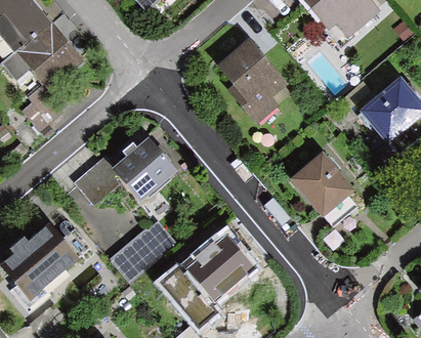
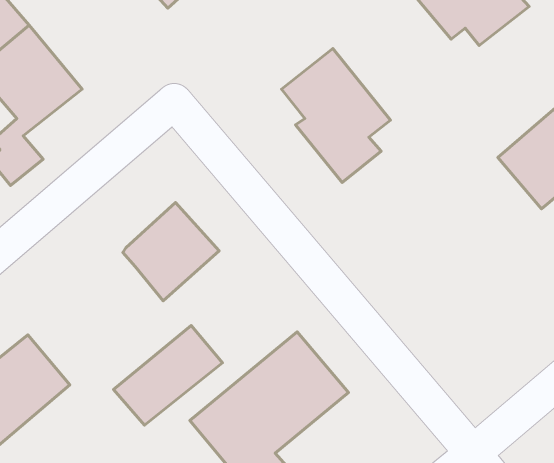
building: [290,153,356,225] -> none
building: [73,155,121,205] -> none

